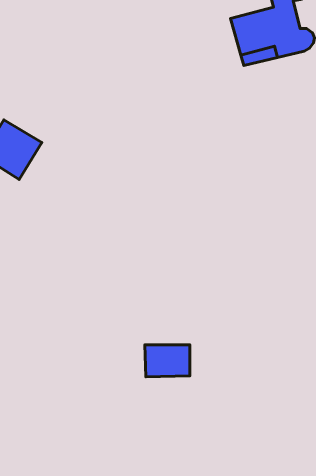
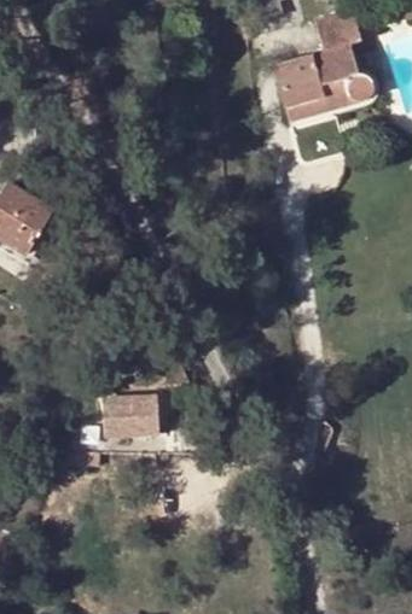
building: [145,345,190,377] -> [104,398,157,435]

